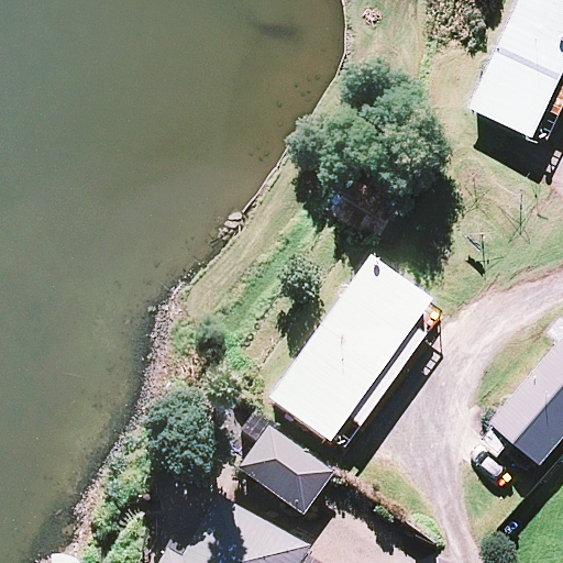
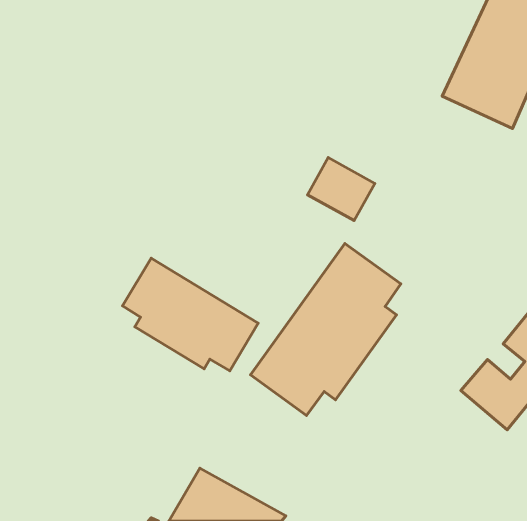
building: none -> [123,258,258,371]
building: [218,410,330,510] -> none

